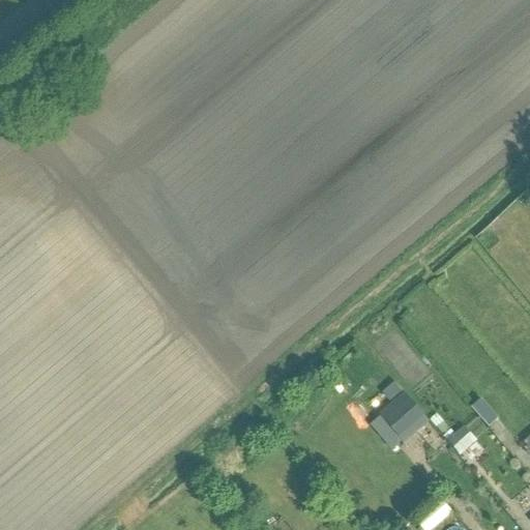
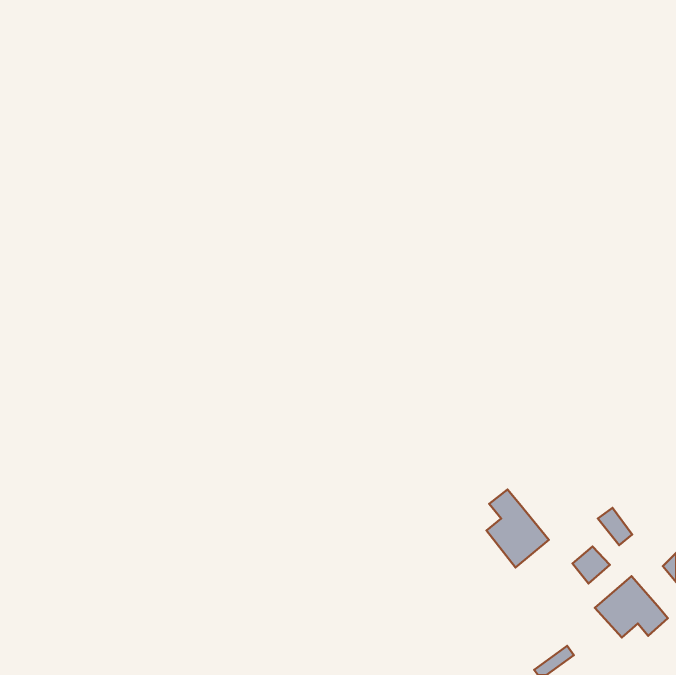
building: none -> [595,576,668,637]

